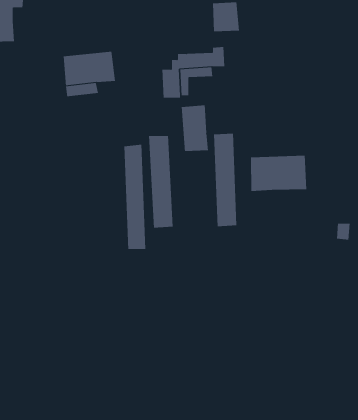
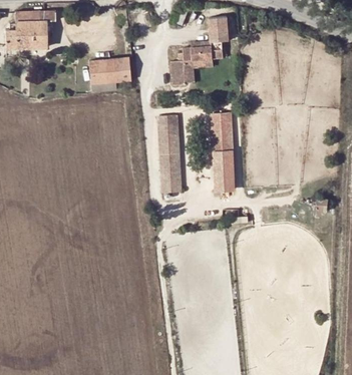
building: [181,104,209,152] -> none
building: [124,144,146,250] -> none
building: [250,155,307,192] -> none

